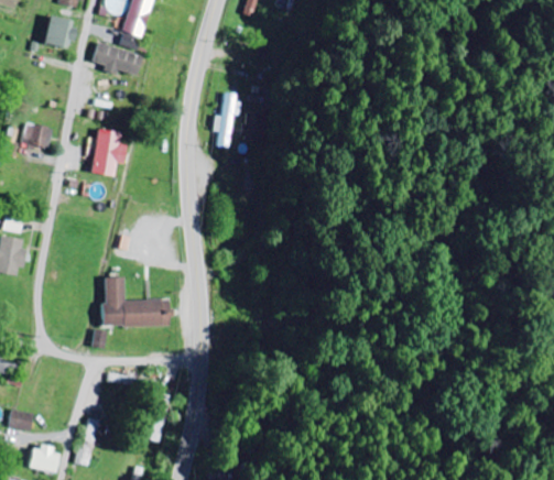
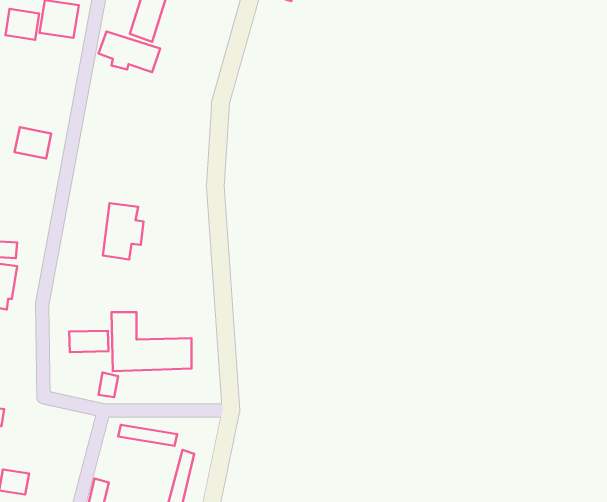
building: none -> [5,9,39,40]
building: [214,92,243,149] -> none
building: [91,129,126,176] -> [103,203,143,259]
building: none -> [69,331,108,352]

